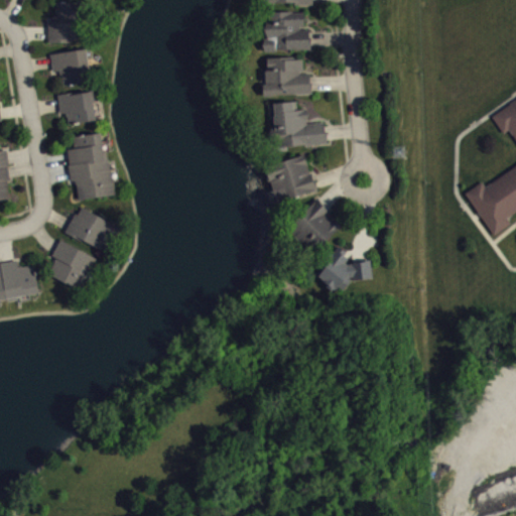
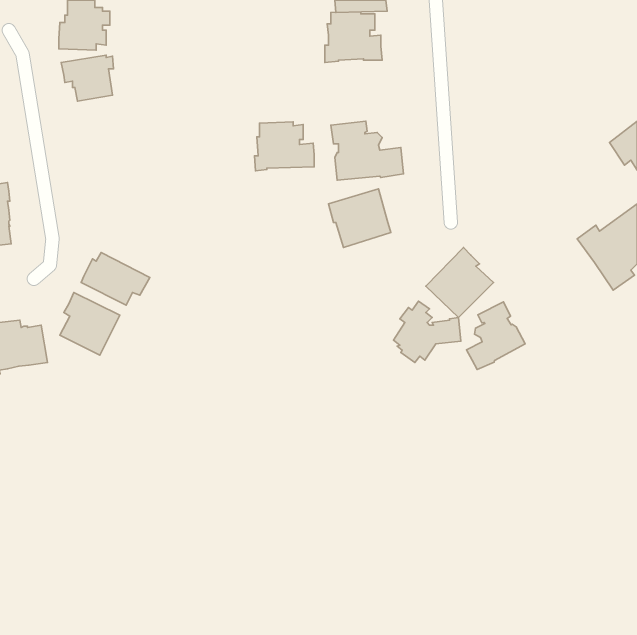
building: [262,58,310,98] -> [254,122,314,171]
building: [57,91,97,124] -> none
building: [68,133,116,200] -> none
building: [286,199,341,255] -> [426,248,493,318]
building: none -> [466,302,525,370]

